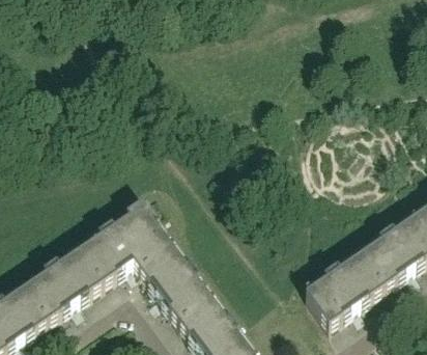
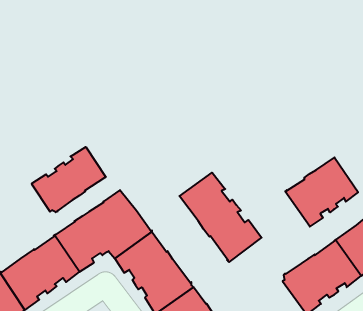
building: none -> [32,147,106,212]
building: none -> [285,157,358,227]
building: none -> [179,173,262,262]

